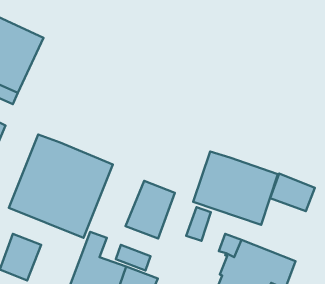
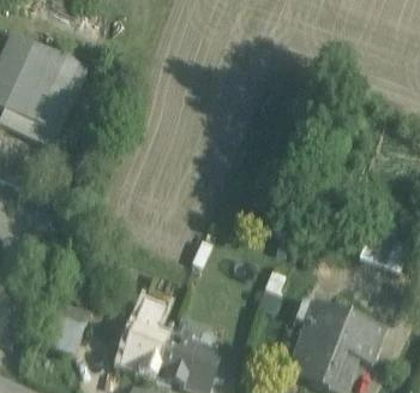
building: [9,135,113,238] -> none
building: [193,151,278,225] -> none
building: [125,181,175,239] -> none

